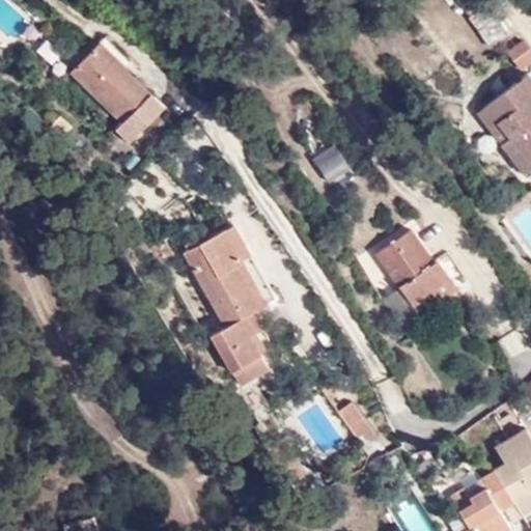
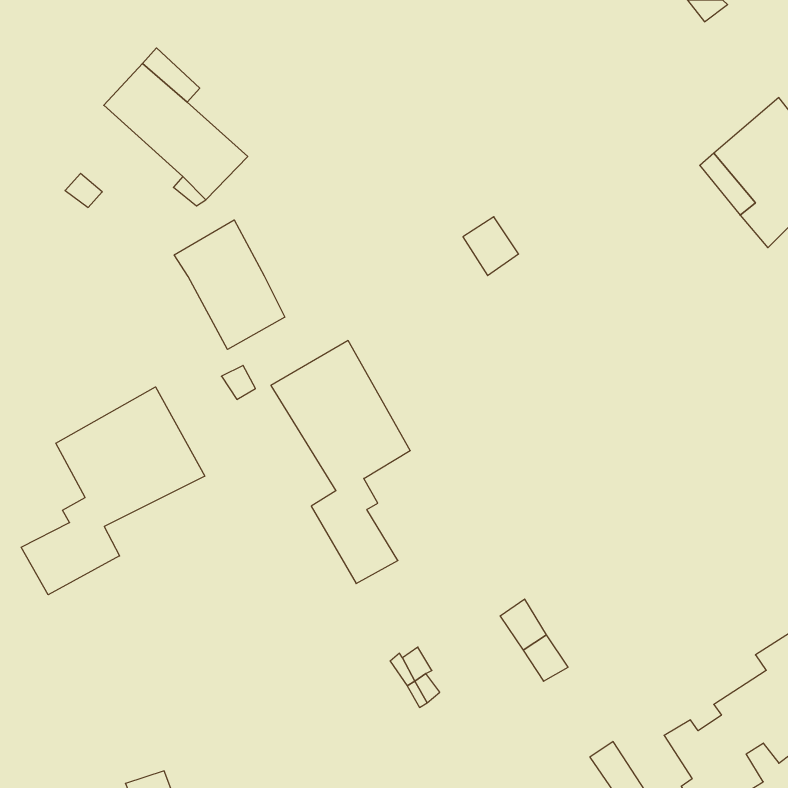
building: none -> [174,220,285,349]
building: [372,233,453,313] -> none
building: none -> [21,387,205,595]

